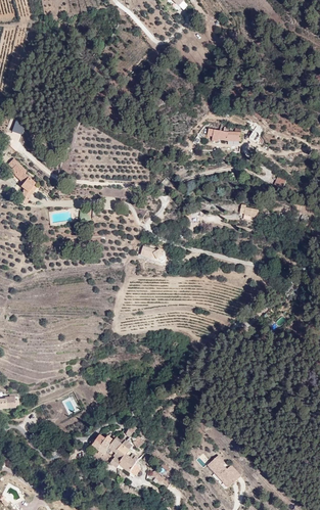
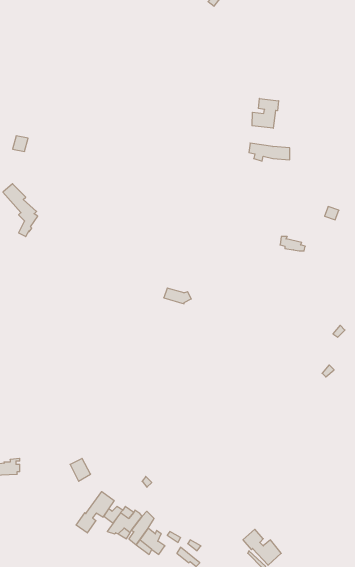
building: none -> [252,98,279,128]
building: none -> [76,492,114,533]

